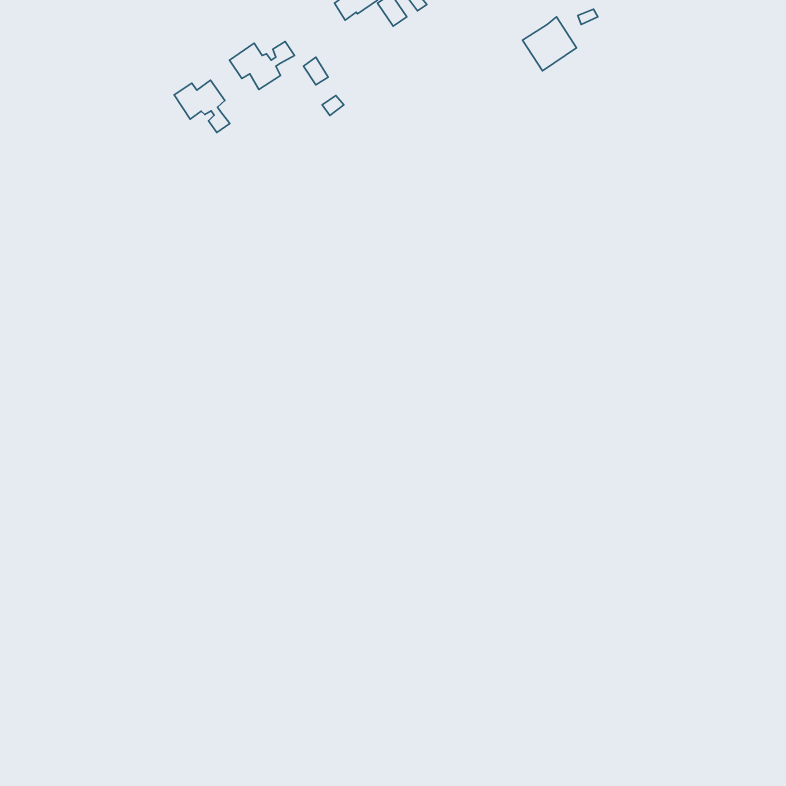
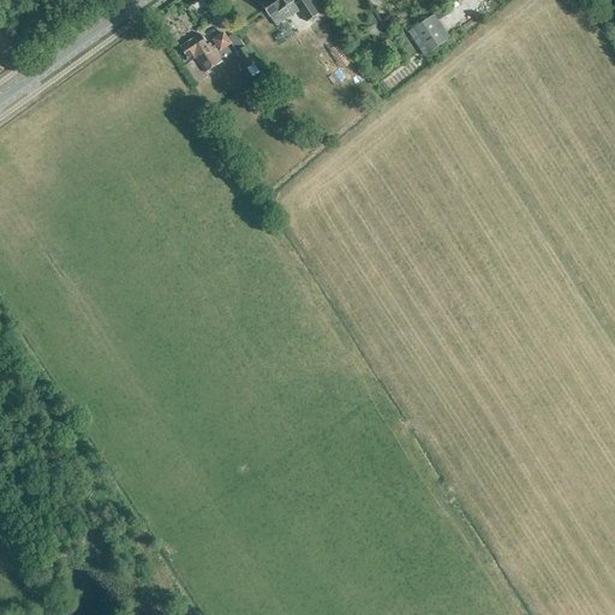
building: [174,80,230,132] -> none

